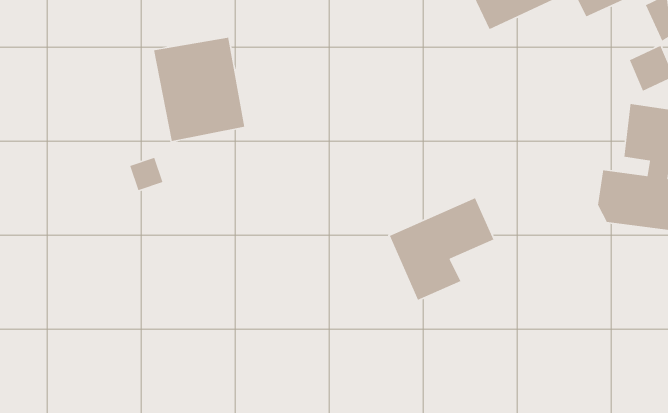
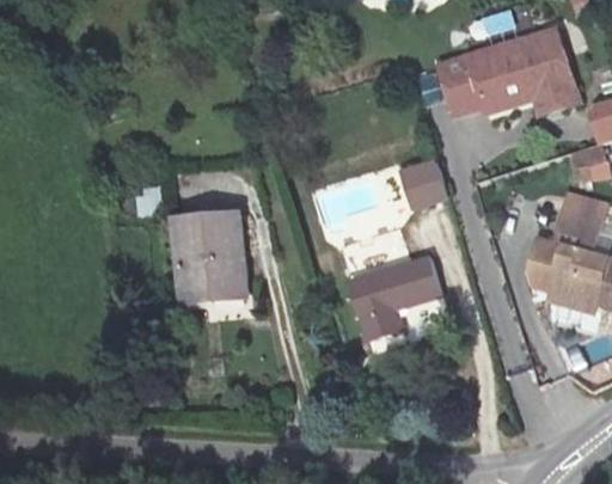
building: [153,37,245,142] -> [173,214,244,298]
building: none -> [403,160,448,204]

